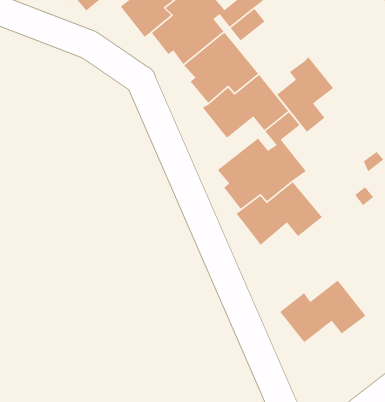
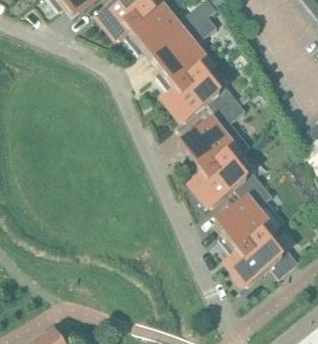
building: [276,56,334,133] -> none
building: none -> [212,182,274,254]

